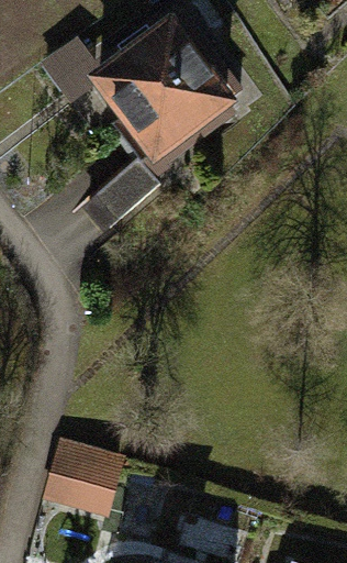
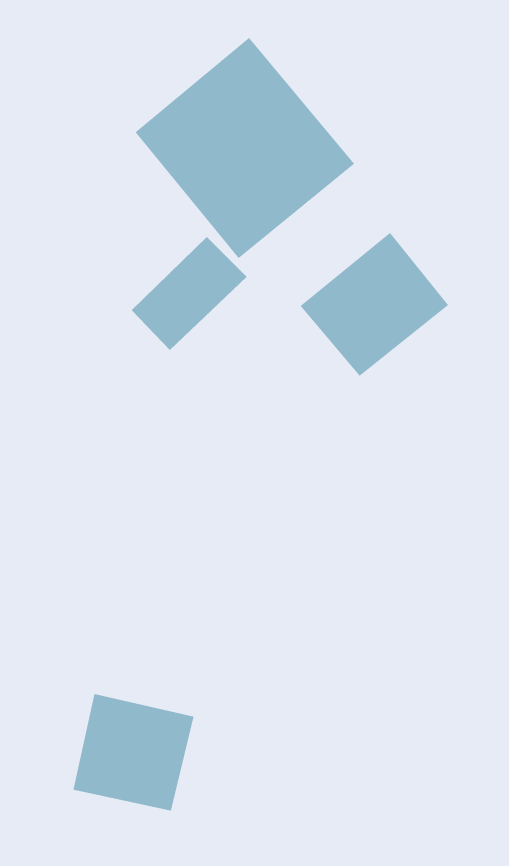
building: none -> [300,232,449,377]

